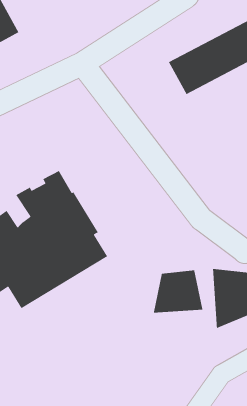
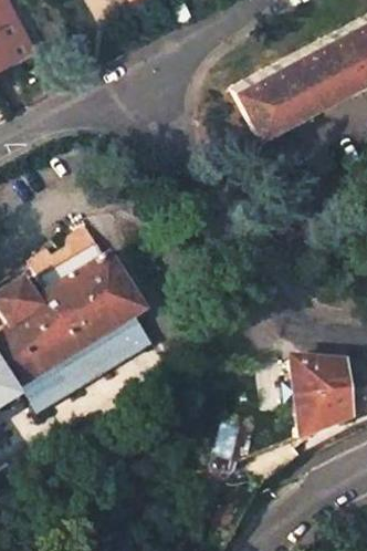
building: [153,270,203,314] -> none

